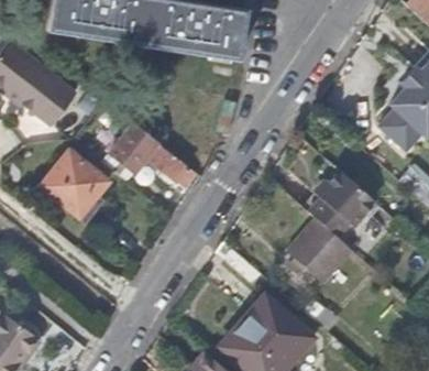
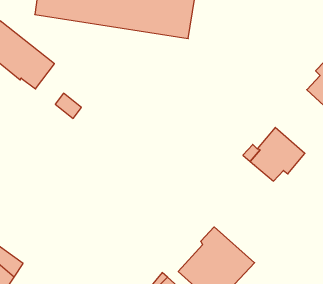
building: [105,126,194,187] -> none
building: [37,150,106,218] -> none
building: [287,217,355,285] -> none

